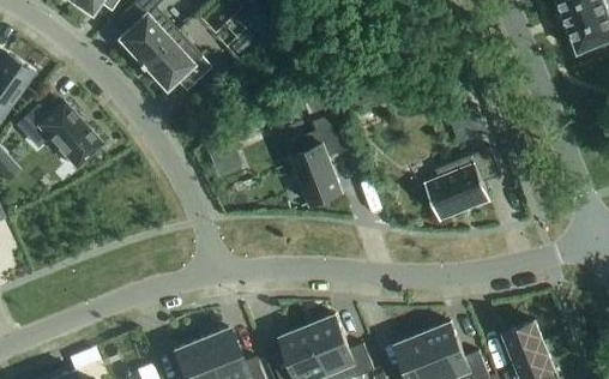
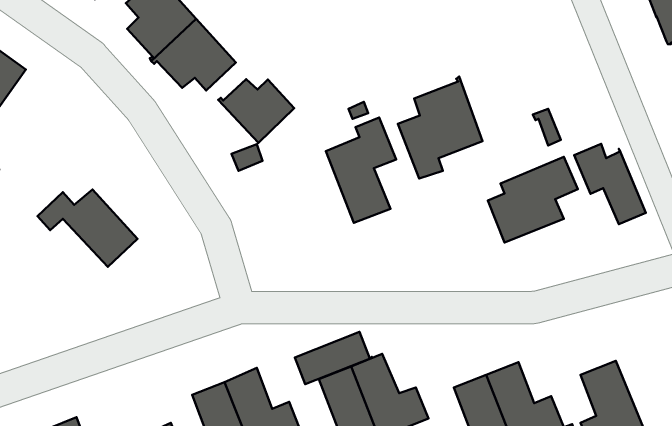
building: none -> [398,76,483,179]
building: none -> [218,79,294,143]
building: [16,102,101,168] -> [37,189,137,267]
building: none -> [574,144,646,224]
building: none -> [295,332,373,384]

